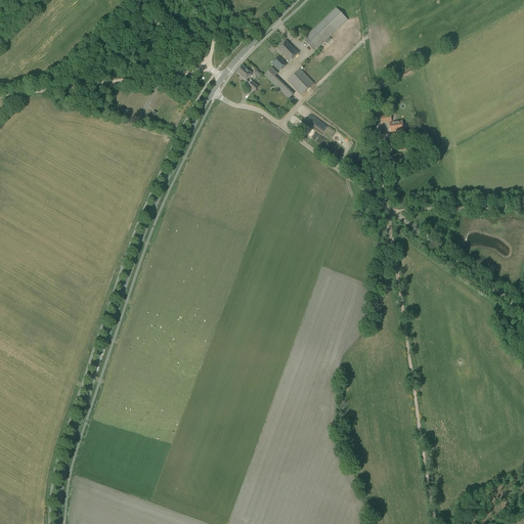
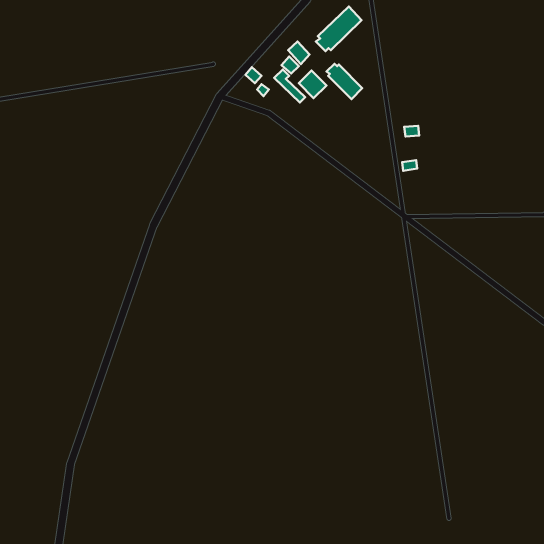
building: none -> [327,64,362,99]

